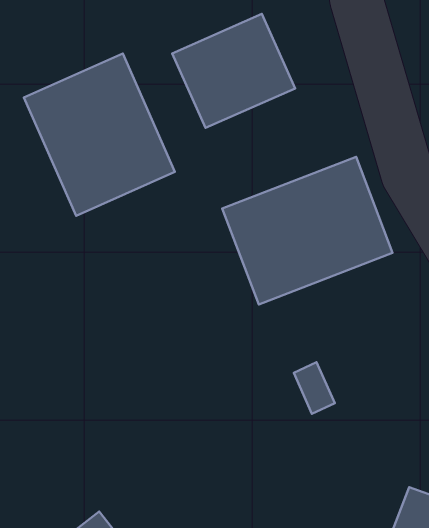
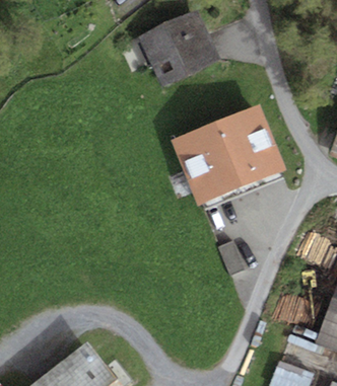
building: [24,53,175,216] -> none

